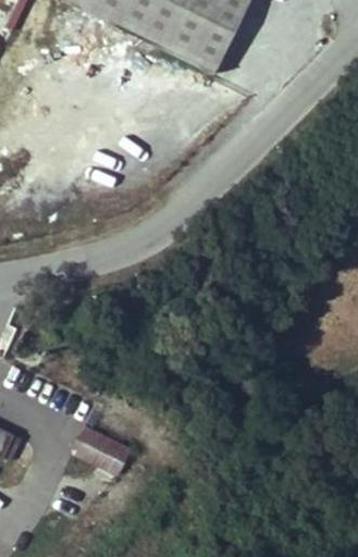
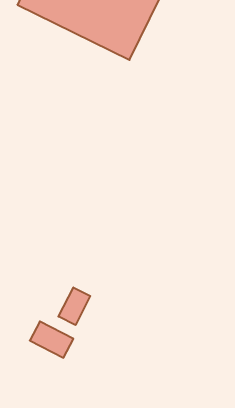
building: none -> [58,287,90,325]

